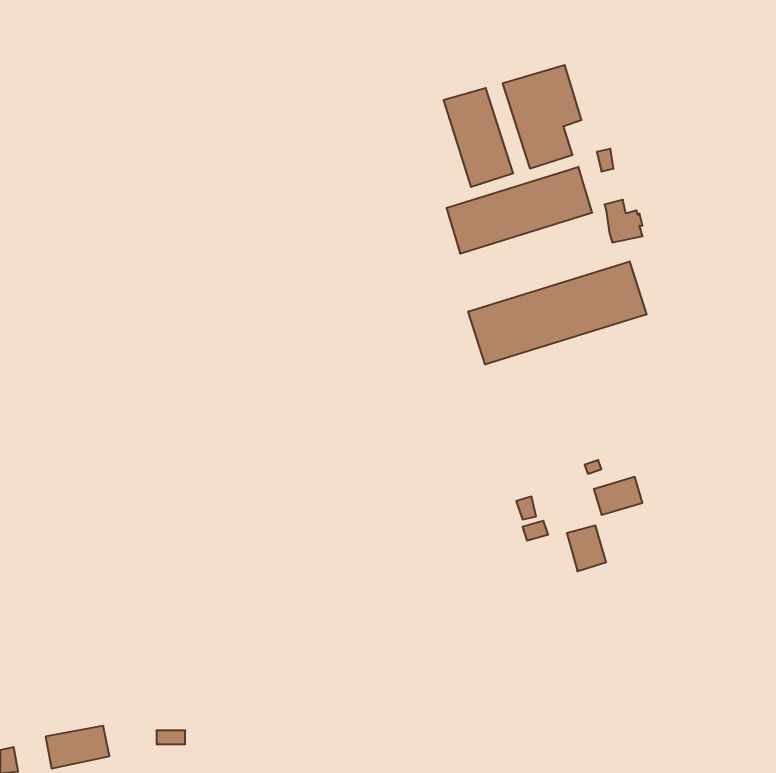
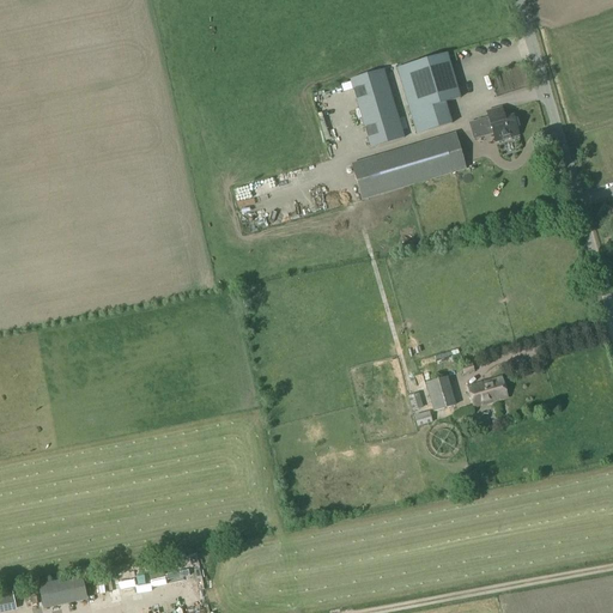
building: [605,200,643,242] -> [490,107,520,140]
building: [468,261,647,365] -> none
building: [567,526,606,571] -> [424,376,455,412]

